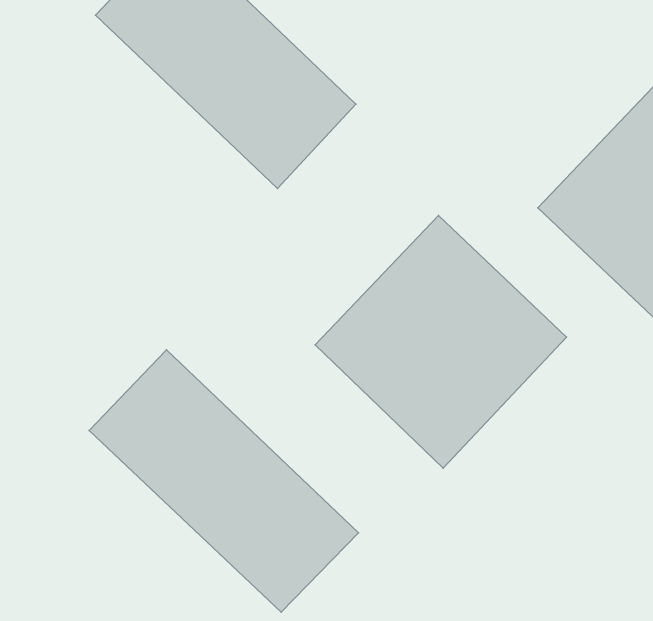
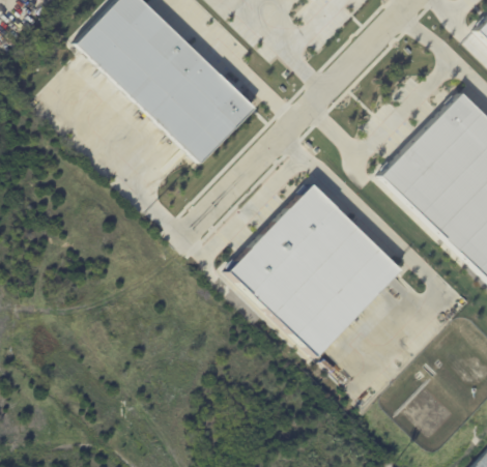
building: [89,350,359,612] -> none

